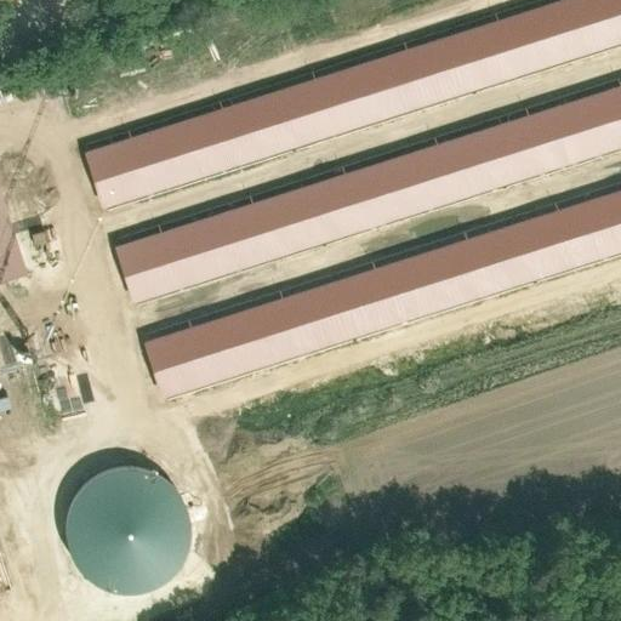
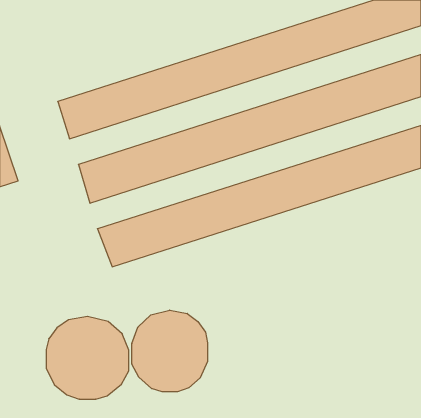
building: none -> [132,310,208,392]

